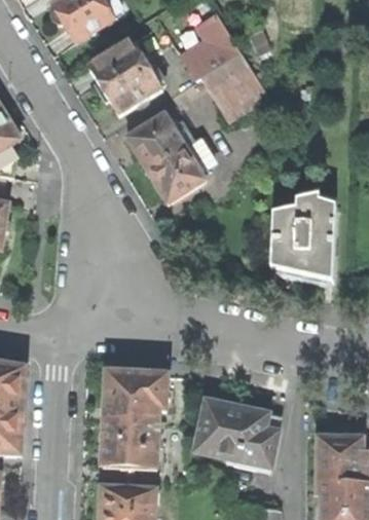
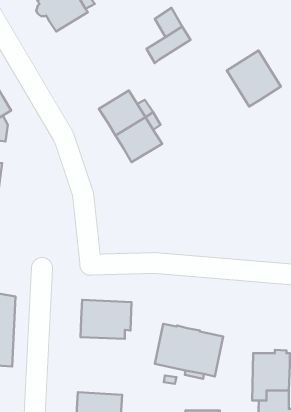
building: [88,40,160,113] -> none
building: [200,50,267,119] -> [227,51,281,106]
building: [270,194,335,280] -> none
building: [102,417,158,469] -> none

